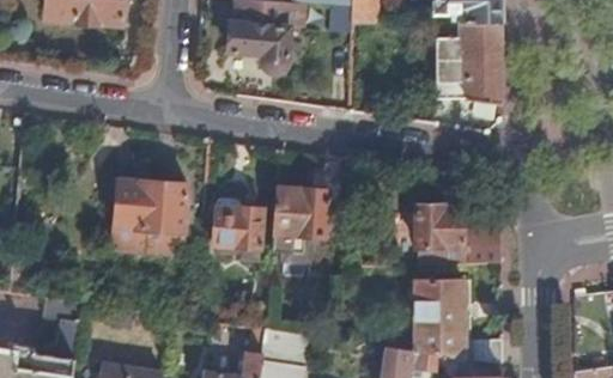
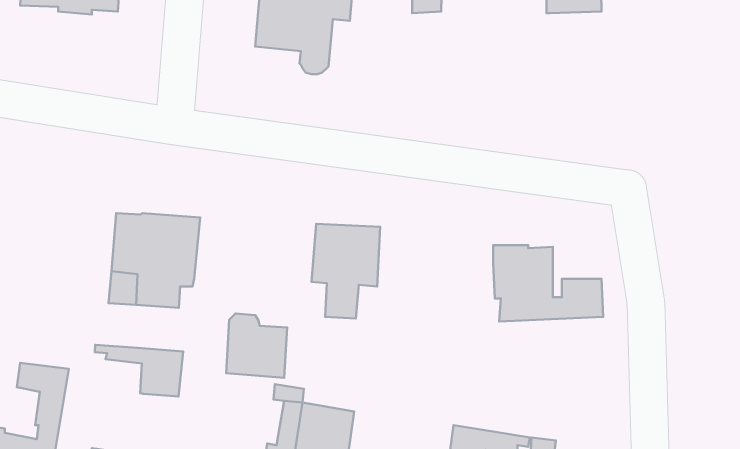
building: [437,23,502,104] -> none
building: [214,199,262,249] -> [226,314,287,378]
building: [417,281,474,360] -> none
building: none -> [95,345,183,397]

